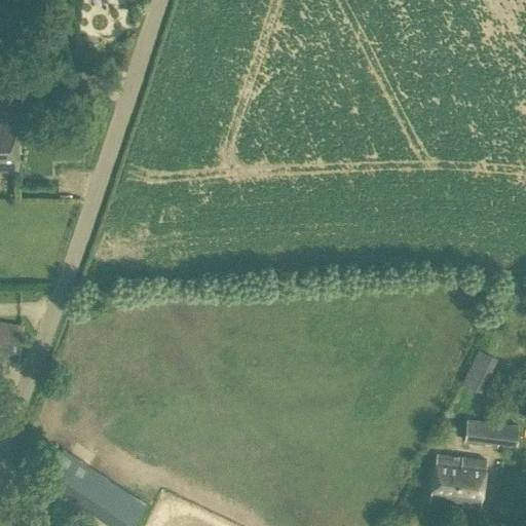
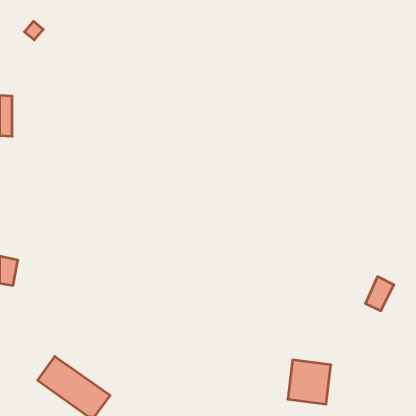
building: [462,420,499,447] -> none
building: [430,456,485,512] -> [288,360,331,404]

